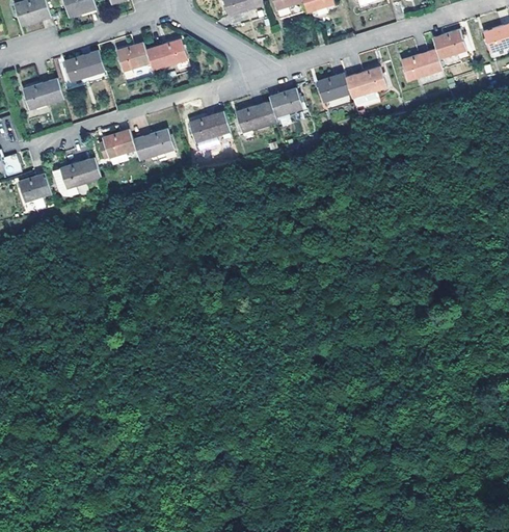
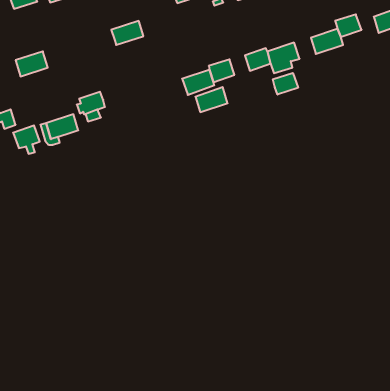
building: [114,42,149,71] -> none
building: [62,49,104,81] -> none
building: none -> [273,73,298,95]
building: [189,110,231,142] -> [195,87,228,112]
building: [134,128,176,159] -> none

